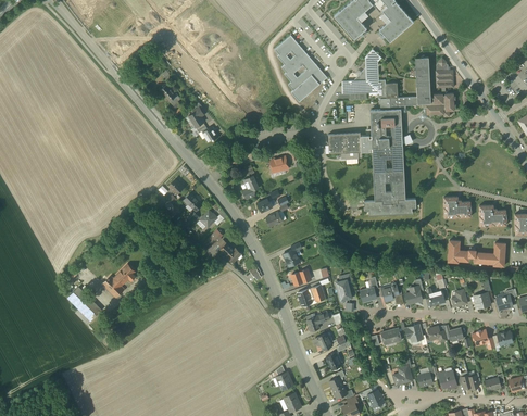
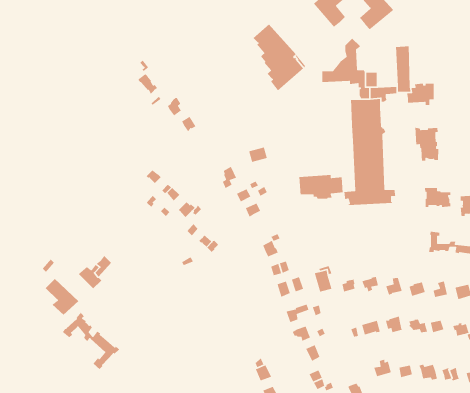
building: [436,58,454,96] -> none
building: [328,133,373,157] -> [299,174,344,200]
building: none -> [415,127,439,161]
building: none -> [62,311,120,370]

